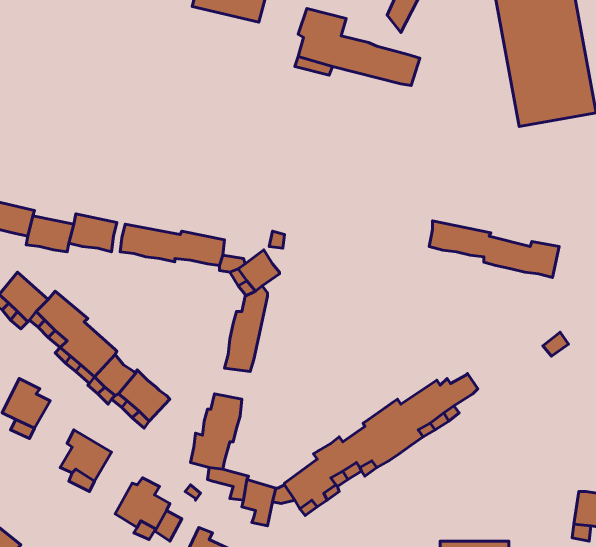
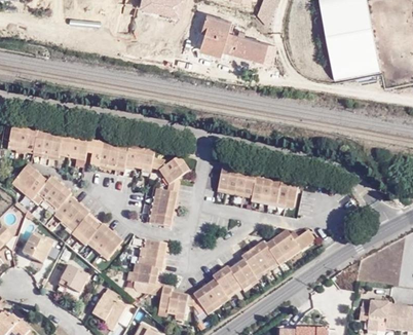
building: [429,221,559,277] -> [220,165,298,199]

